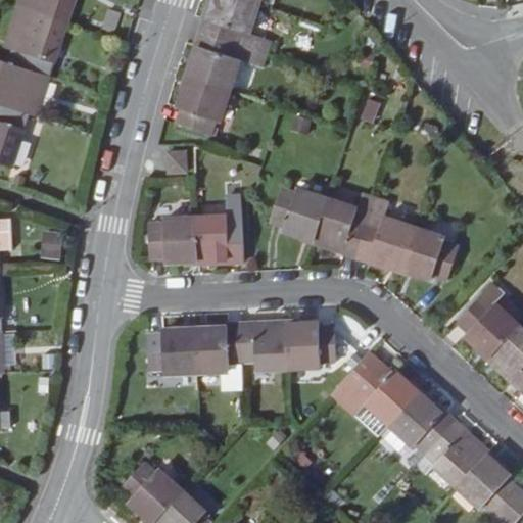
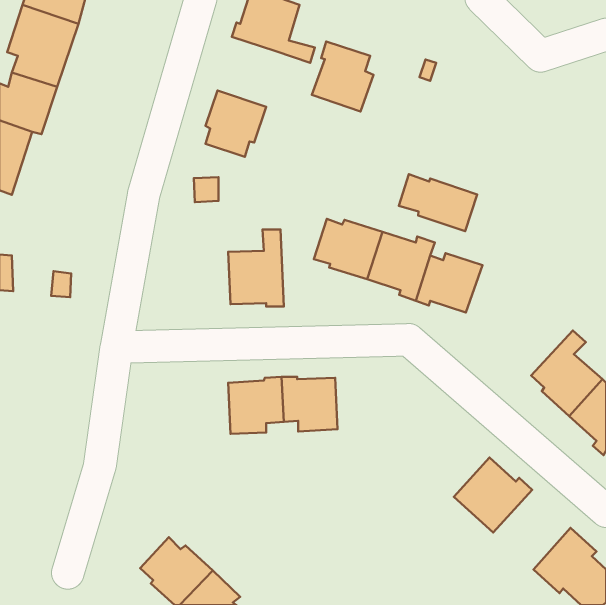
building: [187,32,240,92] -> [312,41,374,112]
building: none -> [399,174,477,231]
building: [149,217,198,263] -> none
building: [400,228,459,281] -> none
building: [288,324,336,369] -> none
building: [147,329,198,375] -> none
building: [330,351,421,427] -> none
building: [424,421,490,489] -> none

